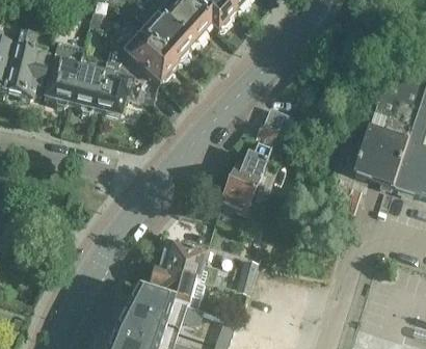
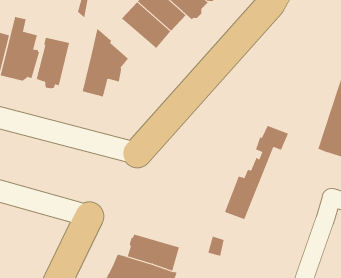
building: [122,28,179,82] -> none
building: [71,55,107,112] -> none
building: [221,106,293,211] -> [224,125,289,220]
building: [158,239,216,285] -> none

